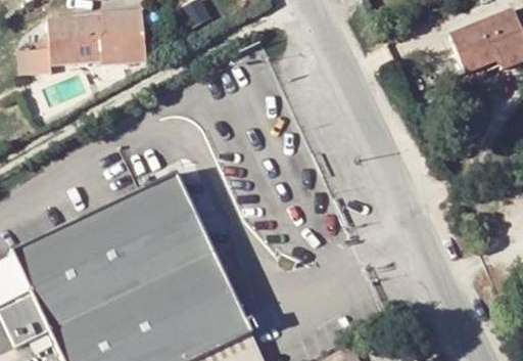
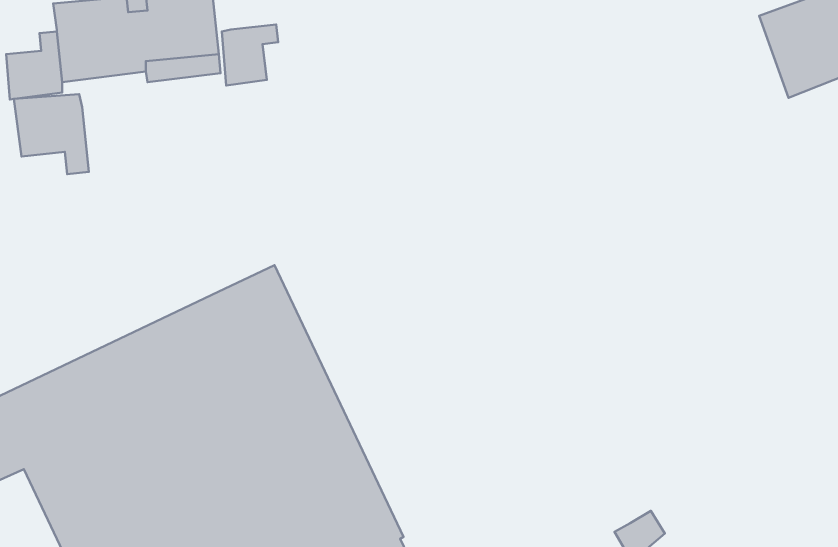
building: none -> [222,24,278,85]
building: none -> [14,94,89,174]

